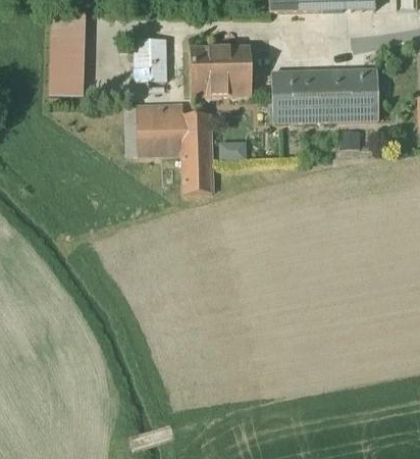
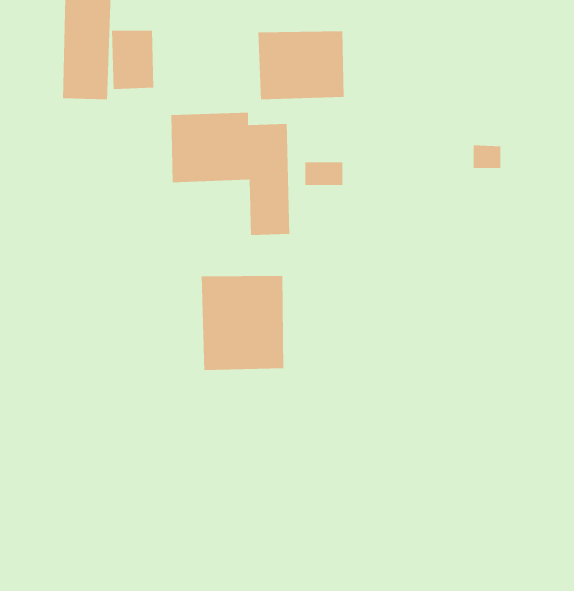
building: [137,40,167,83] -> [111,30,154,90]
building: [271,69,379,122] -> none
building: none -> [201,275,284,371]

